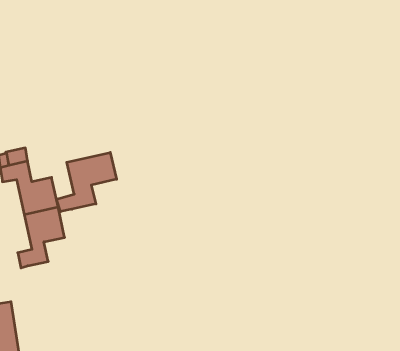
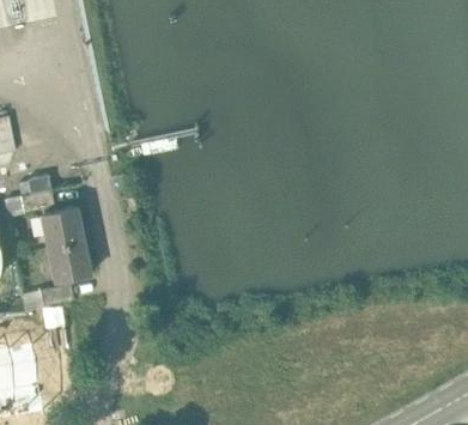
building: [56,152,117,212] -> none

